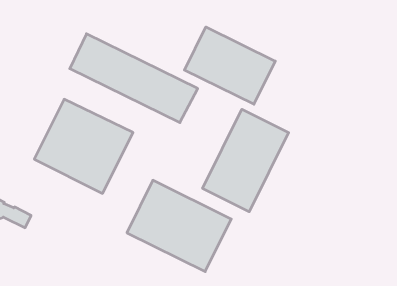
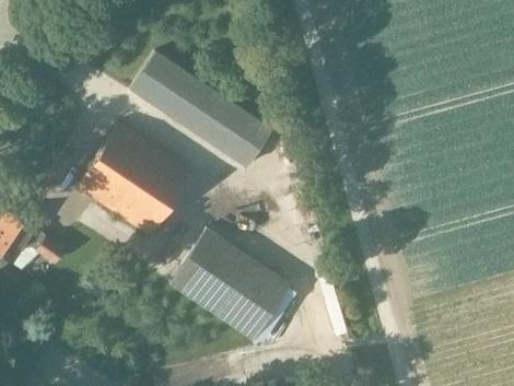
building: [184,27,275,104] -> none
building: [203,109,289,212] -> none

